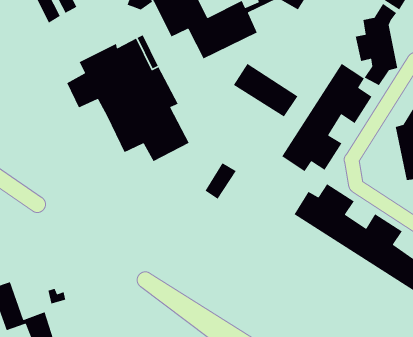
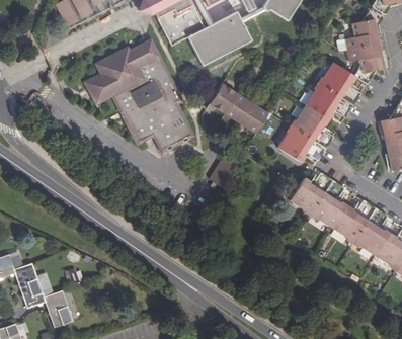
building: [233,63,298,117] -> [209,84,268,134]

